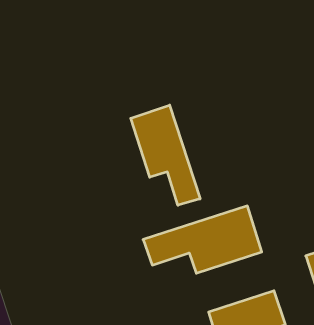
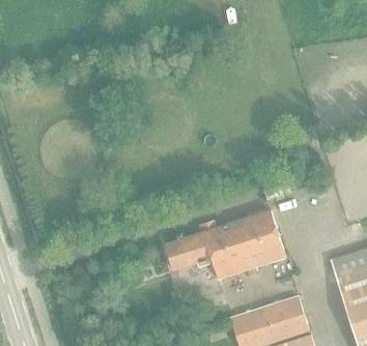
building: [131,105,200,205] -> none

